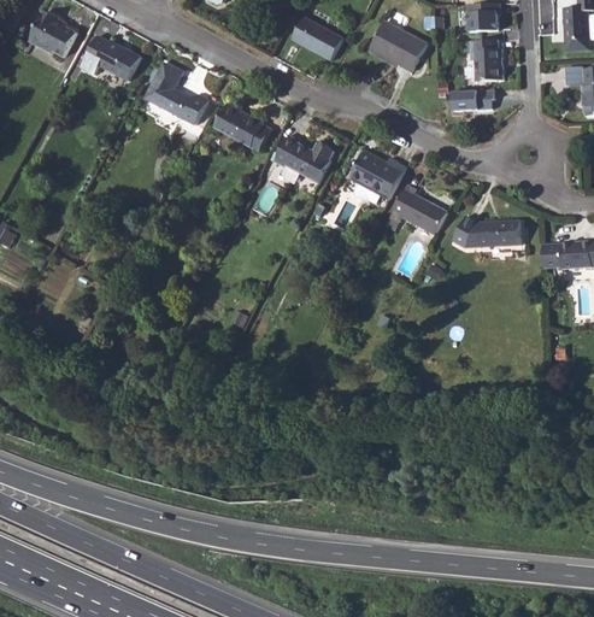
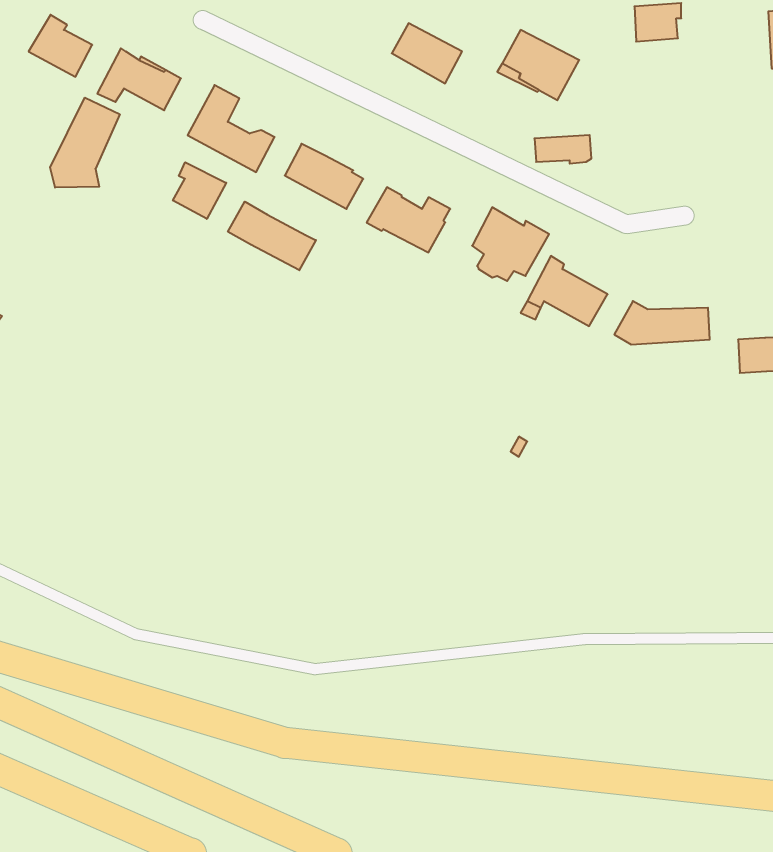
building: [469,40,502,81] -> none
building: none -> [50,98,120,188]
building: [453,89,494,110] -> [534,135,591,164]
building: none -> [173,162,226,219]
building: none -> [228,202,316,270]

